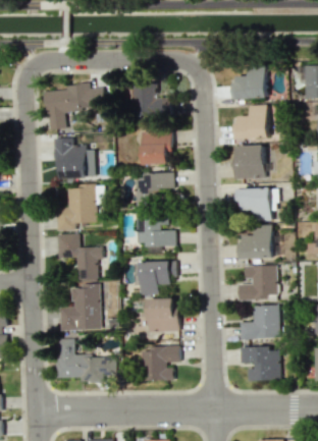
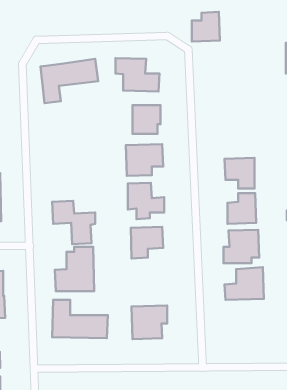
building: [236,66,266,98] -> [192,12,220,41]
building: [237,104,268,139] -> none
building: [53,137,95,177] -> none
building: [232,144,264,179] -> none
building: [56,184,96,230] -> none
building: [147,297,177,330] -> none
building: [240,346,281,380] -> none

